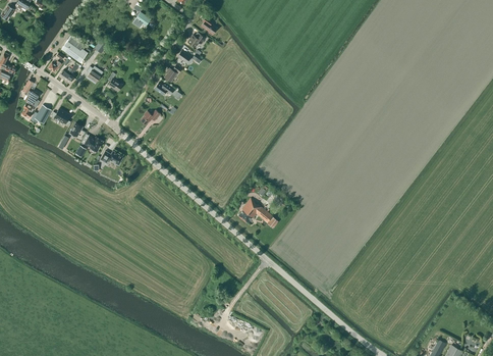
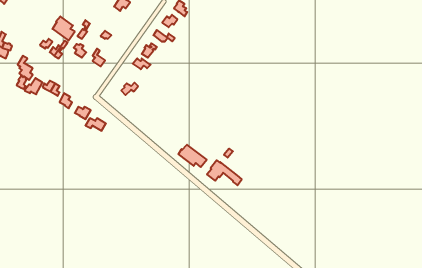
building: none -> [178,145,207,167]

